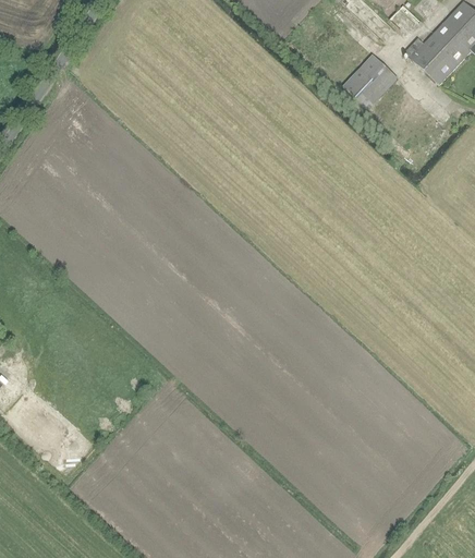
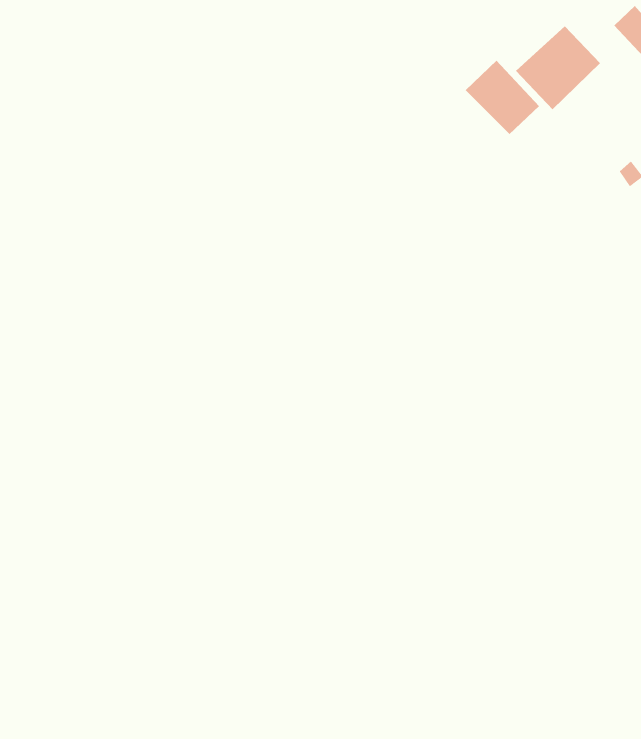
building: none -> [465,60,540,135]

